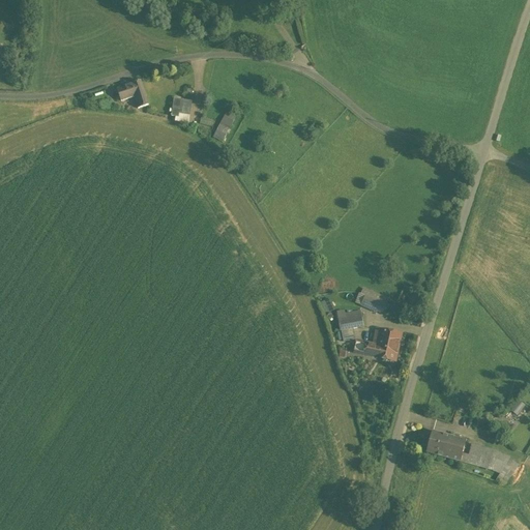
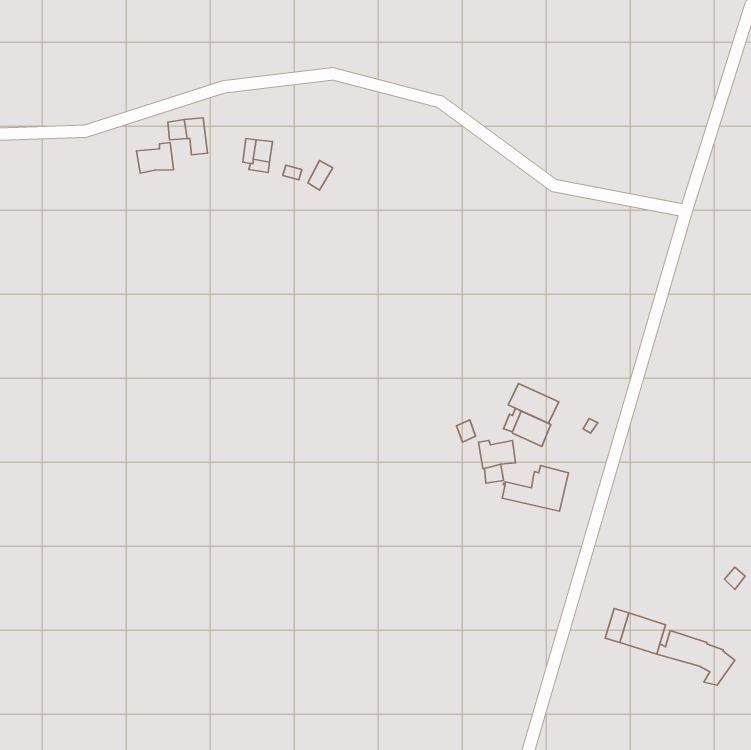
building: none -> [137,142,174,173]
building: none -> [508,384,559,423]

